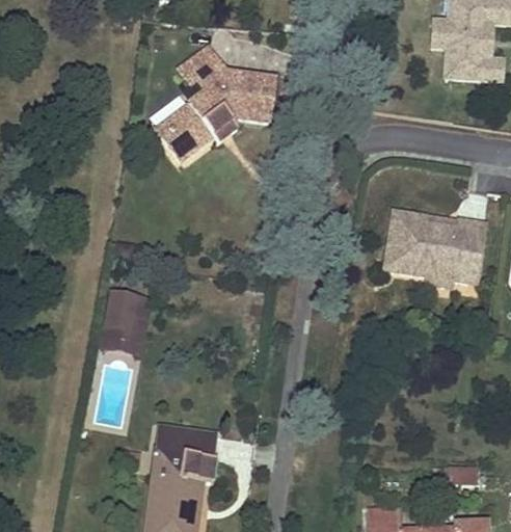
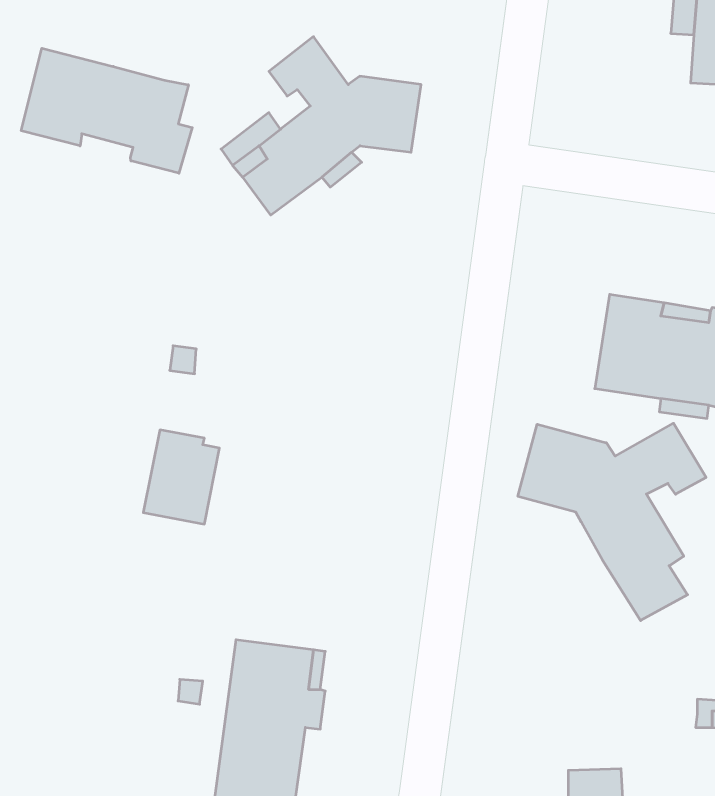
building: none -> [21,48,192,173]
building: none -> [518,423,706,621]

